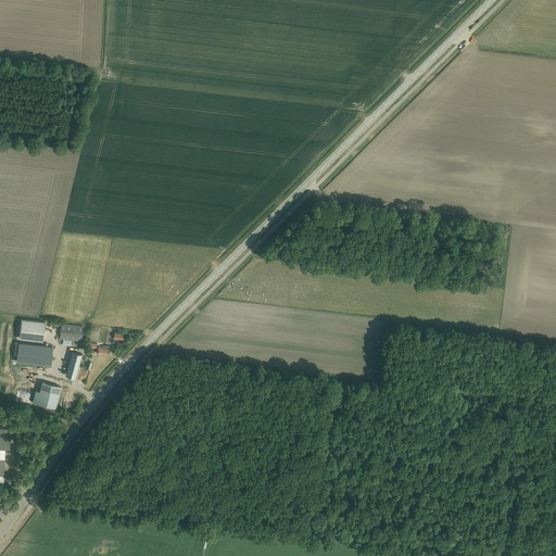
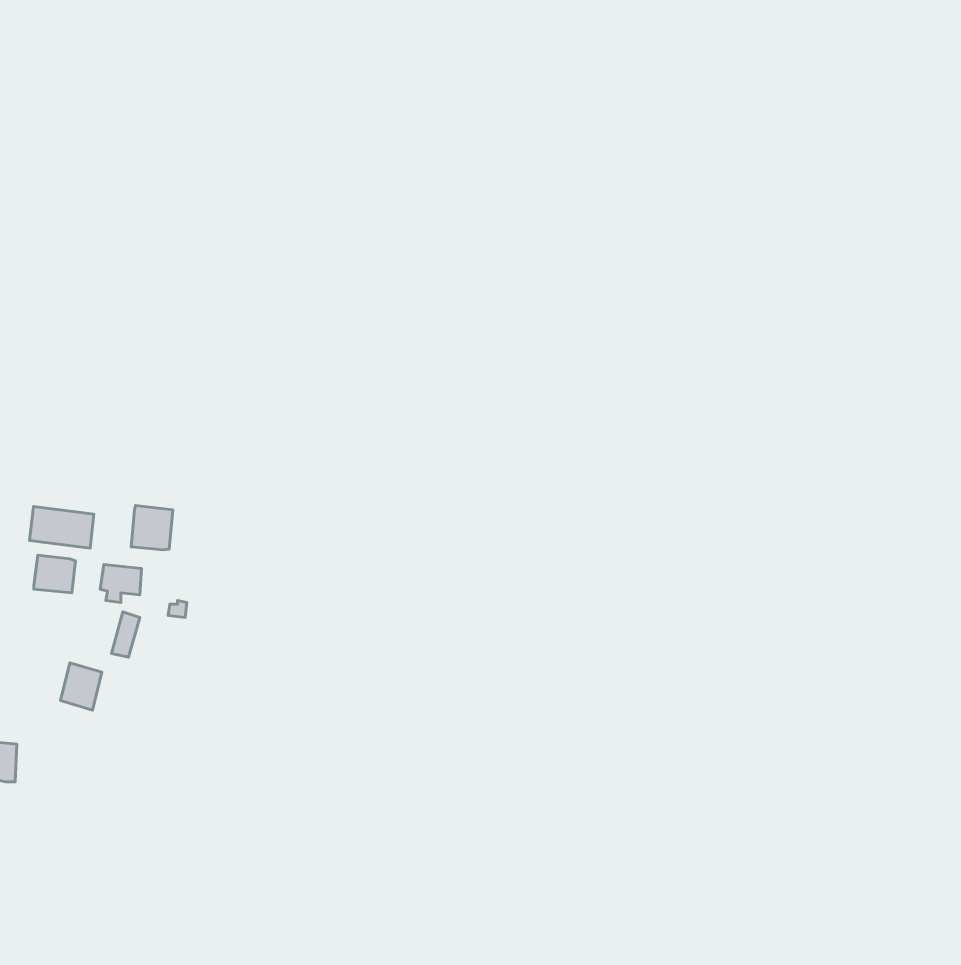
building: none -> [131,505,173,550]
building: [15,343,52,367] -> [30,507,94,548]

